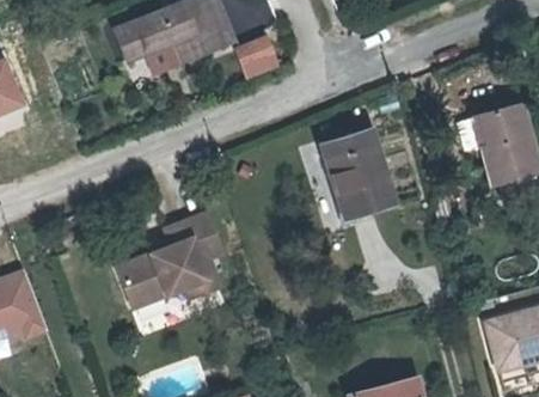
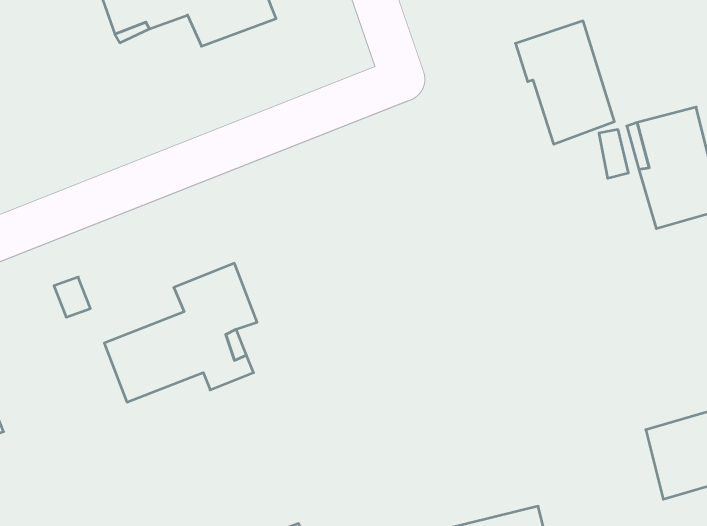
building: [233,35,280,80] -> none
building: [321,133,390,218] -> [515,21,614,144]

